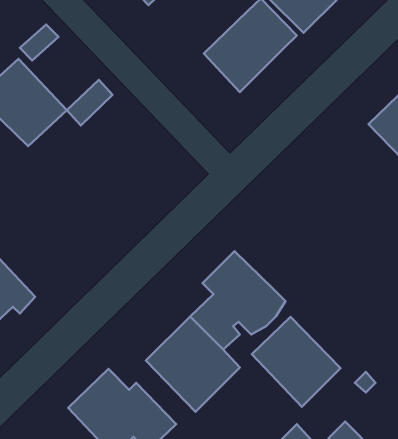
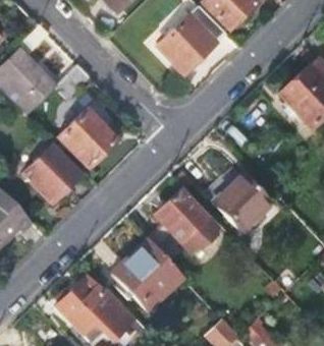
building: none -> [60,113,115,167]
building: none -> [21,147,79,205]
building: [252,317,340,407] -> [205,166,270,232]

